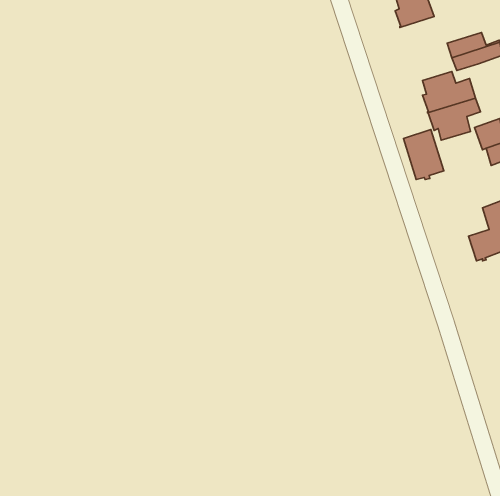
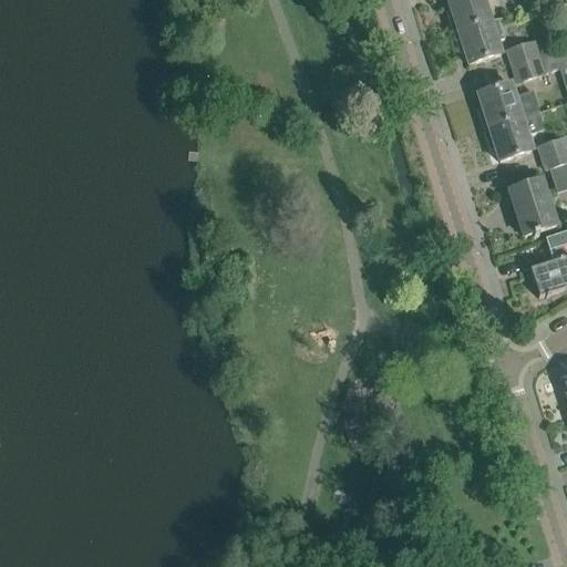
building: none -> [453,17,506,62]
building: [404,130,444,180] -> [509,177,555,234]

